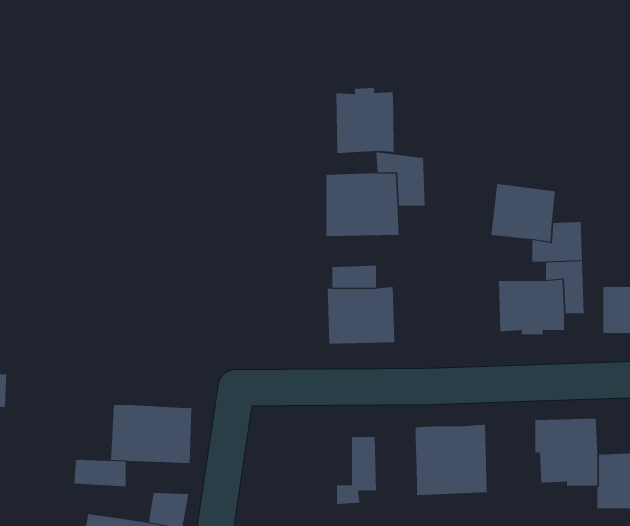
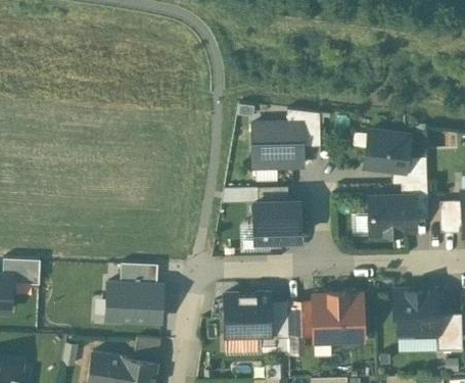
building: [336,87,394,154] -> none
building: none -> [224,295,270,337]
building: none -> [286,303,314,340]
building: [74,460,127,487] -> [119,266,154,284]

